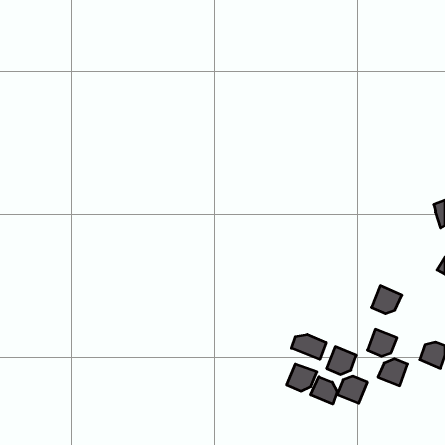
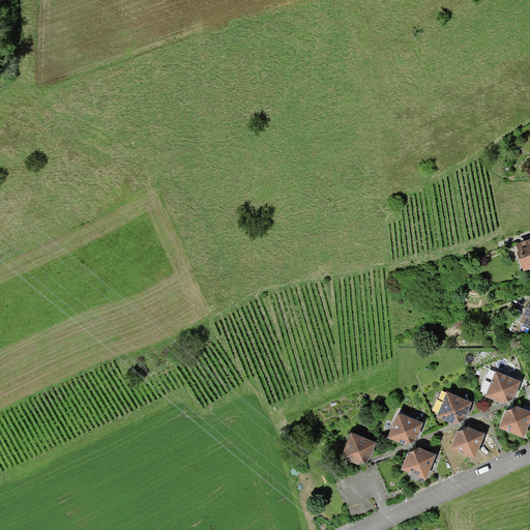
building: [371,286,402,314] -> [485,371,522,404]
building: [291,334,326,359] -> none
building: [311,377,337,404] -> none

